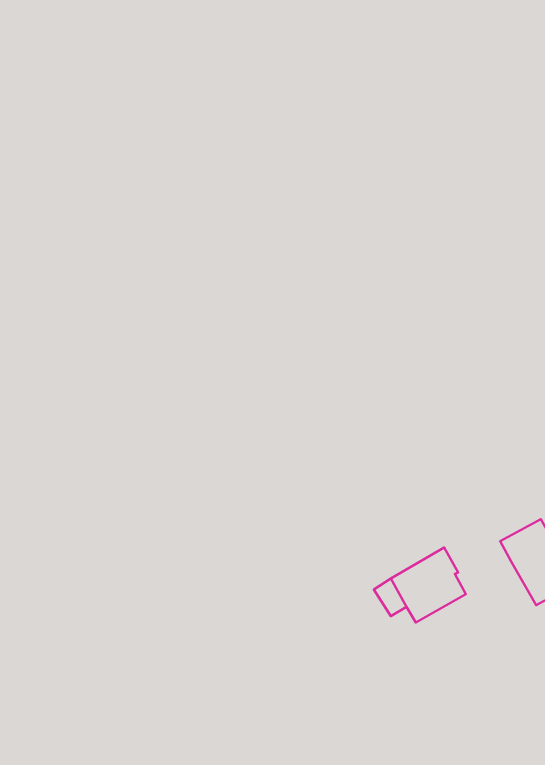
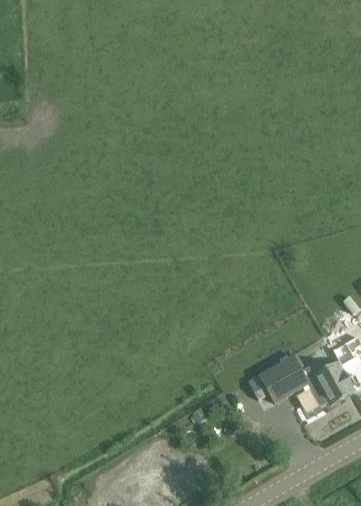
building: none -> [301,363,353,405]

